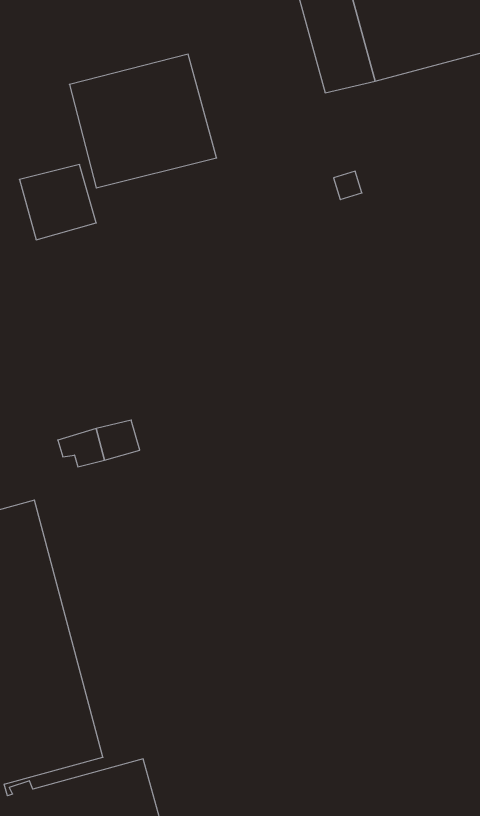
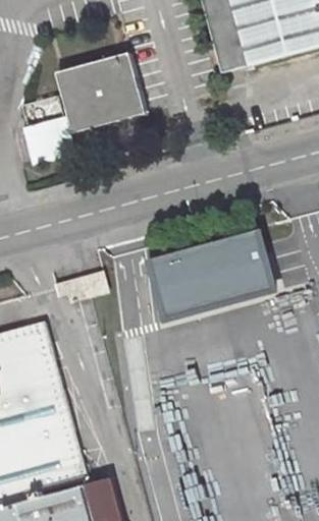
building: none -> [145,232,275,324]

